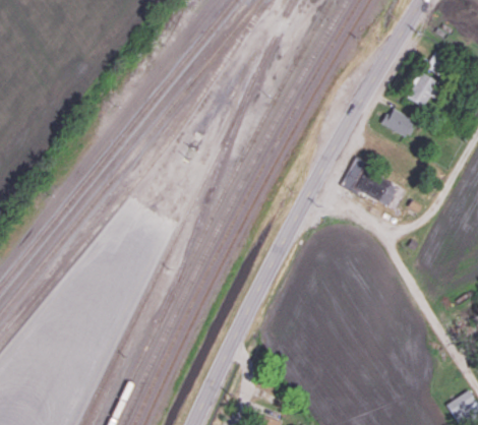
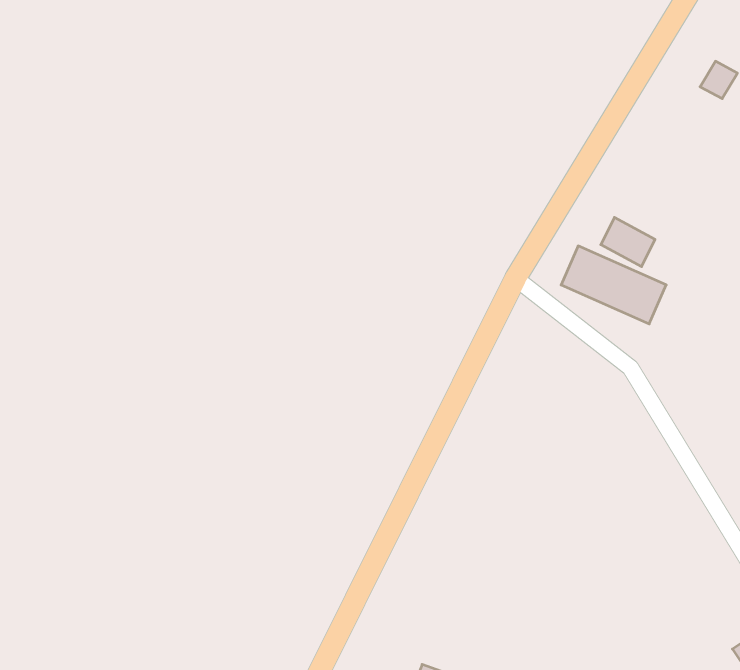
building: [407,73,438,108] -> none
building: [382,109,415,138] -> [601,217,655,267]

